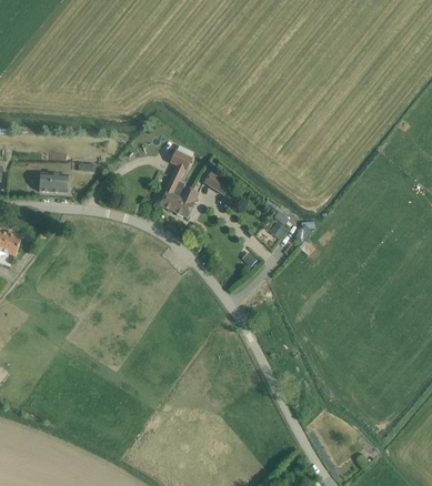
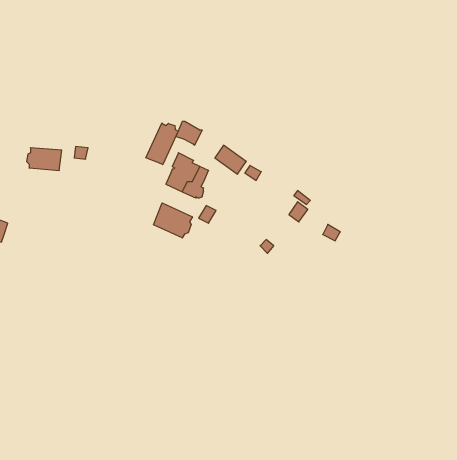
building: none -> [146,123,178,165]
building: none -> [153,203,192,238]

